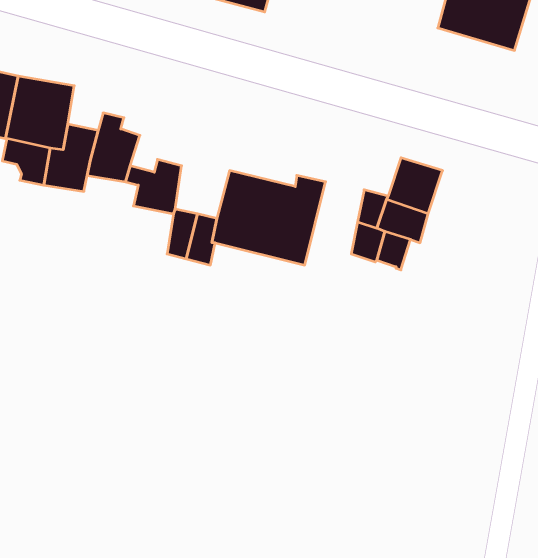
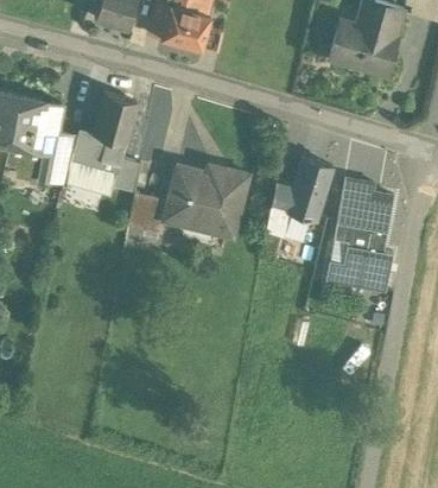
building: none -> [94,94,138,166]
building: none -> [326,178,394,289]

